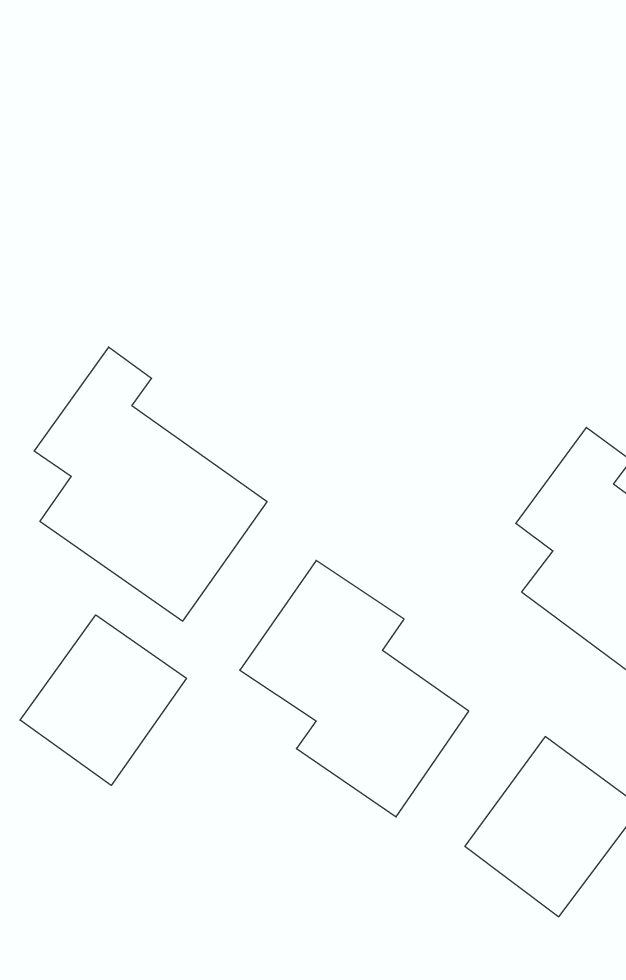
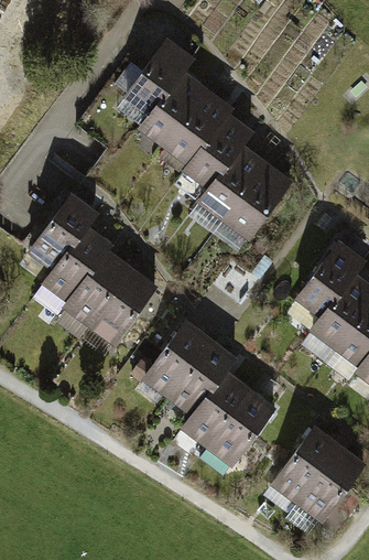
building: none -> [123,43,287,246]
building: [20,615,186,785] -> none

